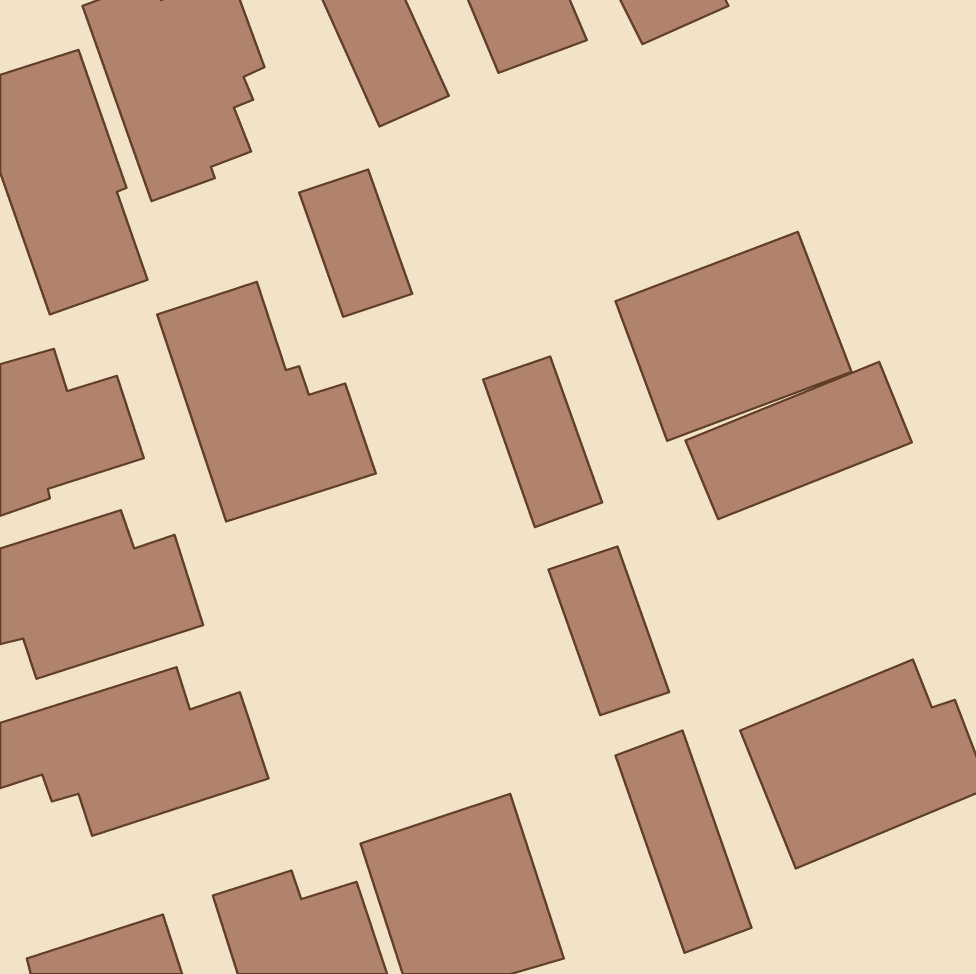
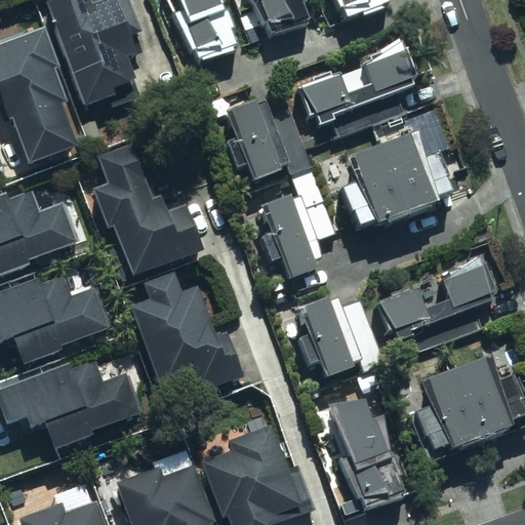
building: none -> [297,39,421,135]
building: [299,169,412,317] -> [227,97,287,176]
building: [686,362,912,519] -> [376,258,497,342]
building: none -> [128,268,239,390]

